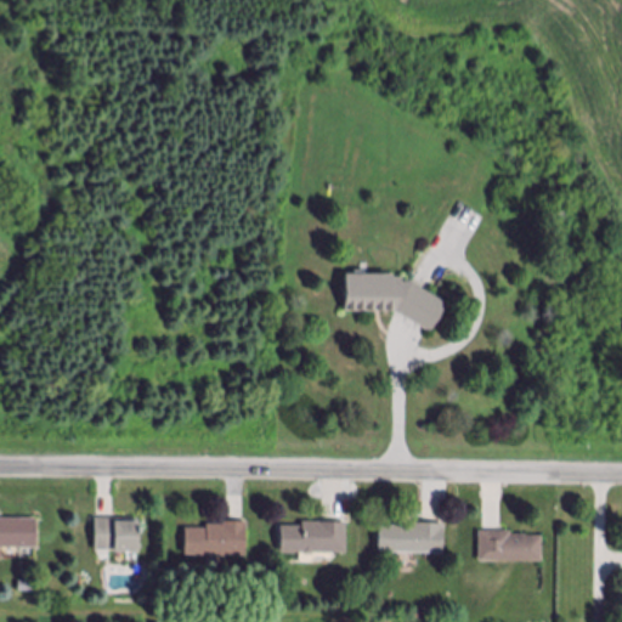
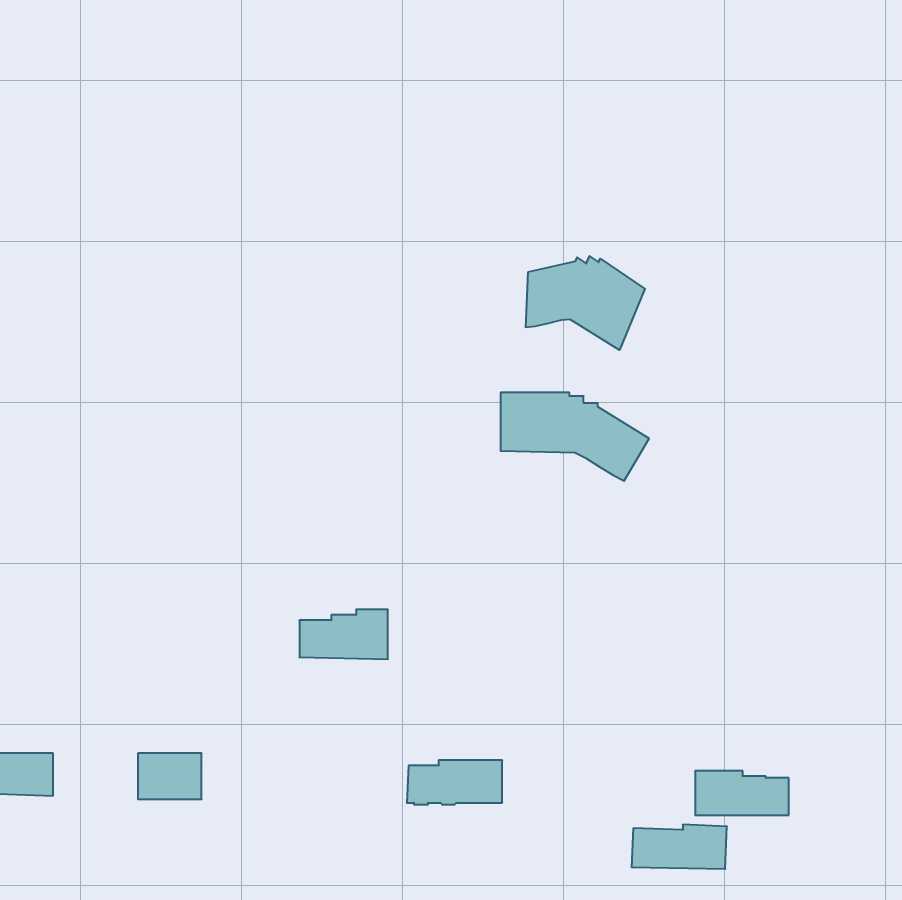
building: none -> [526,256,645,350]
building: [185,521,245,555] -> [299,610,388,659]
building: [378,522,443,553] -> [631,825,727,869]

